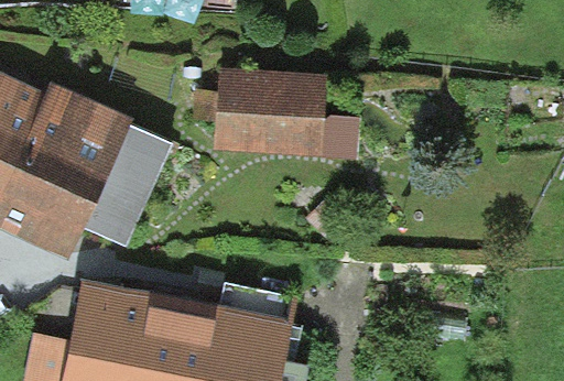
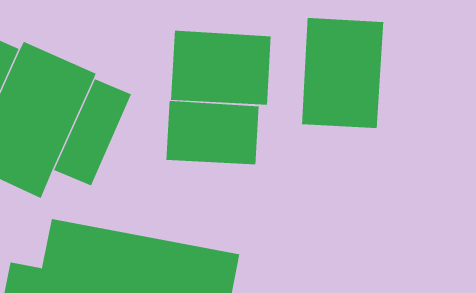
building: none -> [302,17,384,129]
building: none -> [166,100,259,165]

